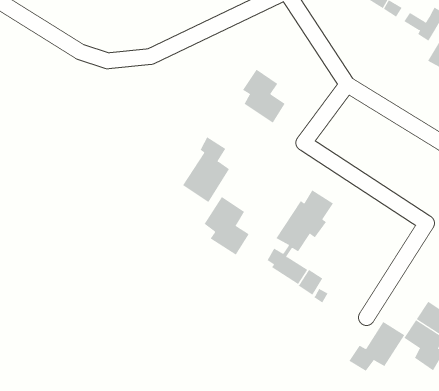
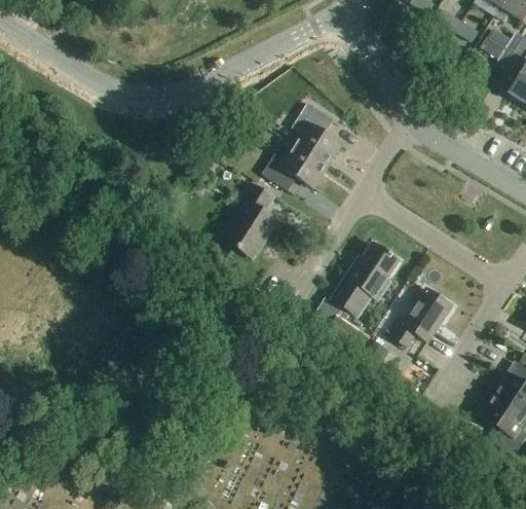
building: none -> [263,143,328,189]
building: [204,196,249,255] -> none
building: [349,321,405,371] -> [386,288,452,347]

